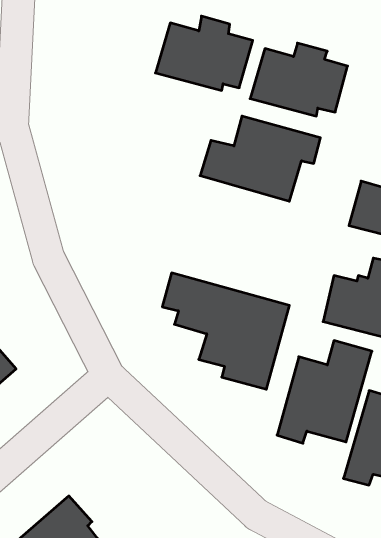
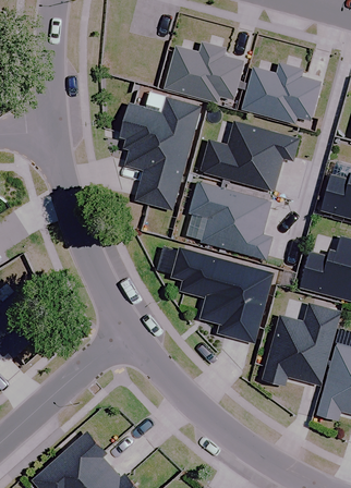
building: none -> [114,101,194,212]
building: none -> [182,185,265,263]

